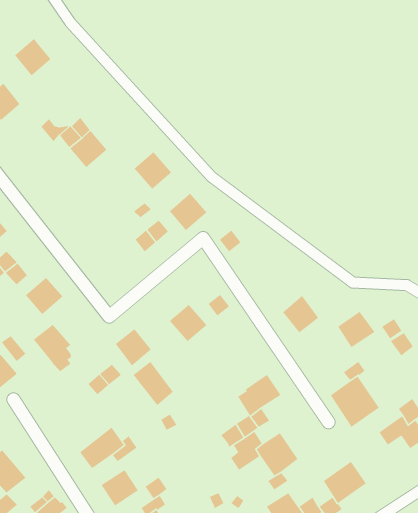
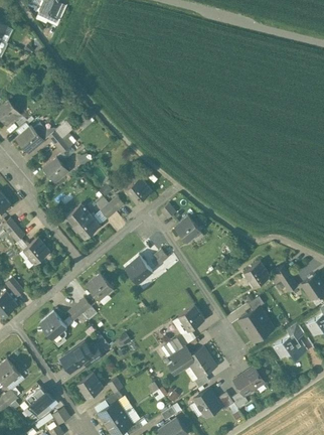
building: [14,38,51,76] -> [16,127,42,154]
building: [134,151,172,190] -> [41,157,68,184]
building: none -> [64,203,99,239]
building: [282,295,319,333] -> [173,214,199,242]
building: [33,324,71,372] -> [38,312,65,346]
building: [133,361,174,406] -> none

